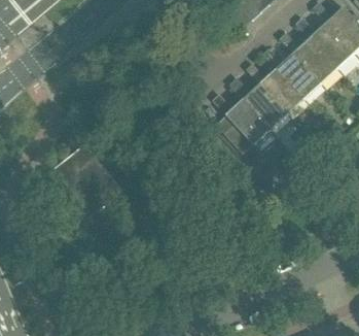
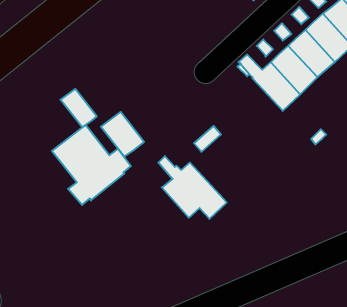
building: [213,93,278,153] -> [158,156,227,219]
building: none -> [60,89,97,127]
building: none -> [101,112,144,157]

